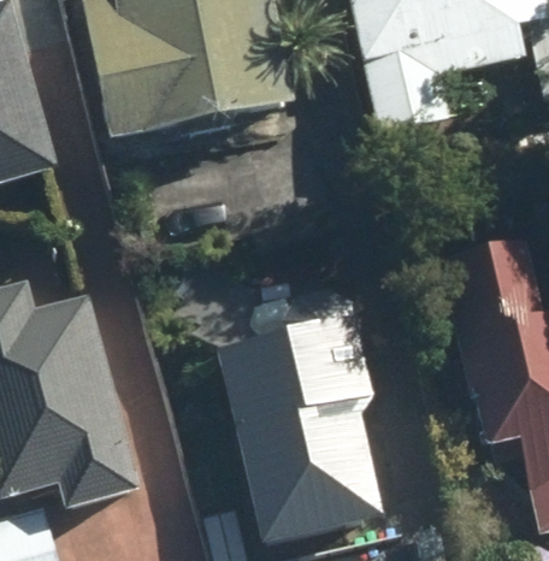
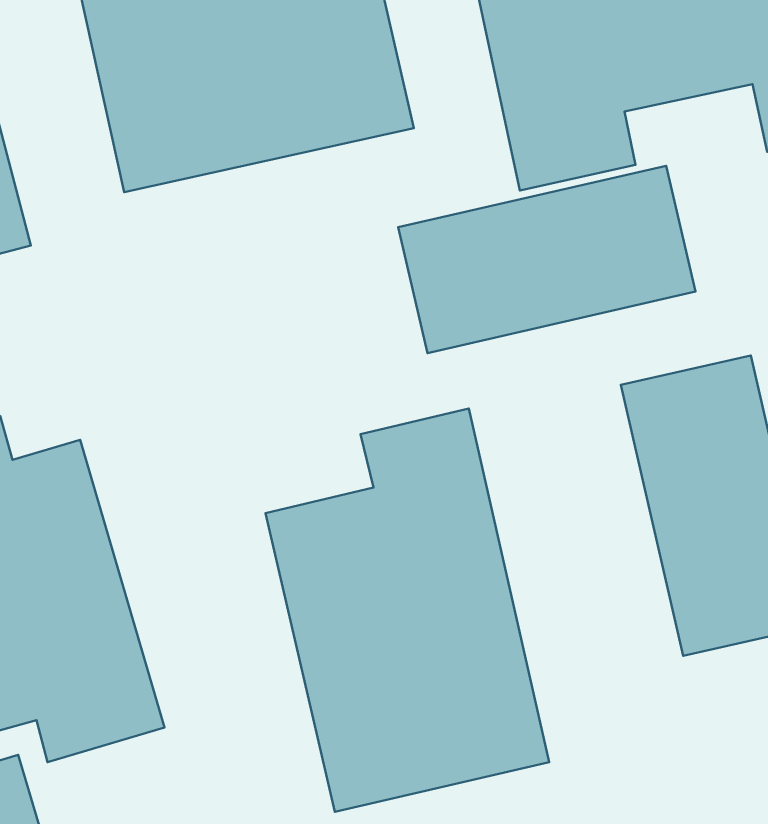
building: none -> [398,166,695,353]

